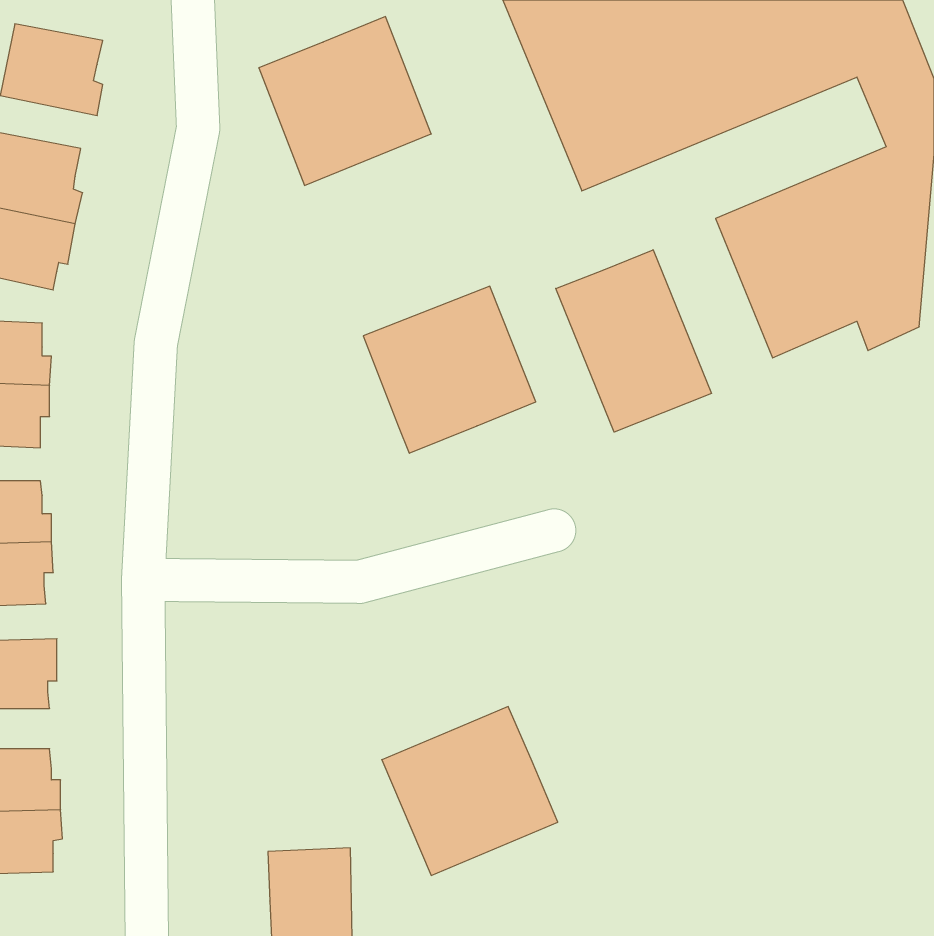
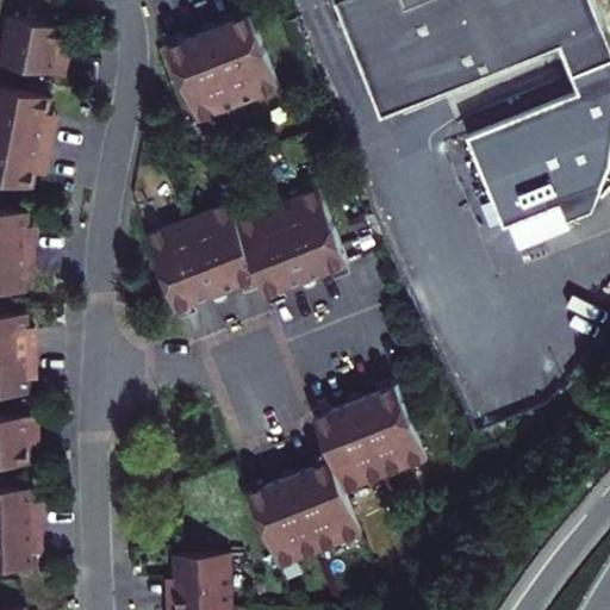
building: [556,250,711,432] -> none
building: none -> [147,201,259,310]
building: none -> [315,387,428,496]

